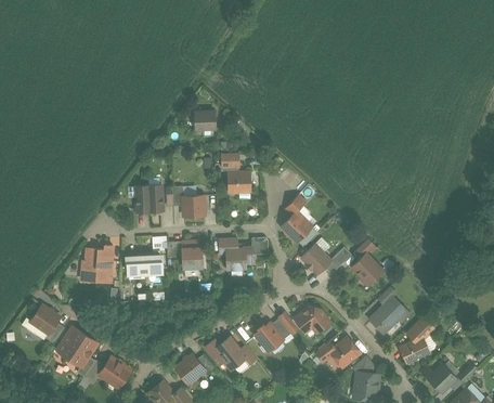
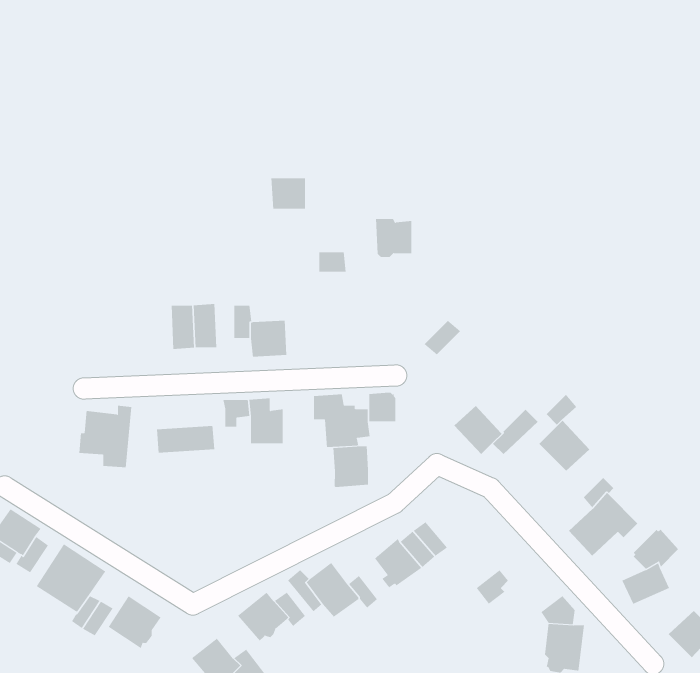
building: [227,171,249,194] -> [375,219,412,257]
building: [281,211,311,243] -> none
building: none -> [333,446,369,488]
building: [294,305,329,333] -> none
building: [329,337,359,367] -> none

